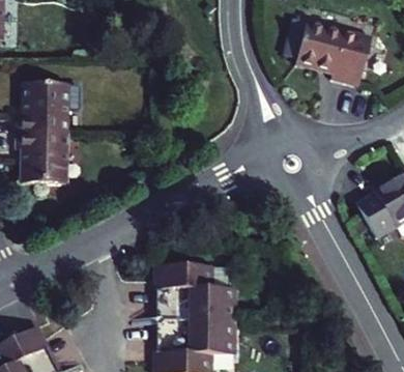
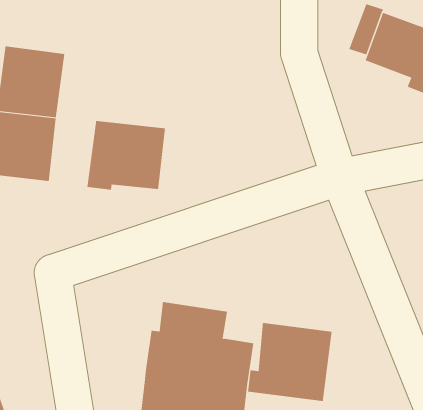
building: none -> [87,120,166,191]
building: none -> [247,322,332,402]

